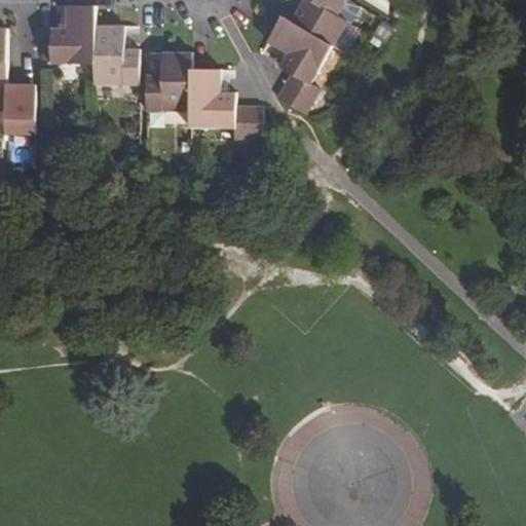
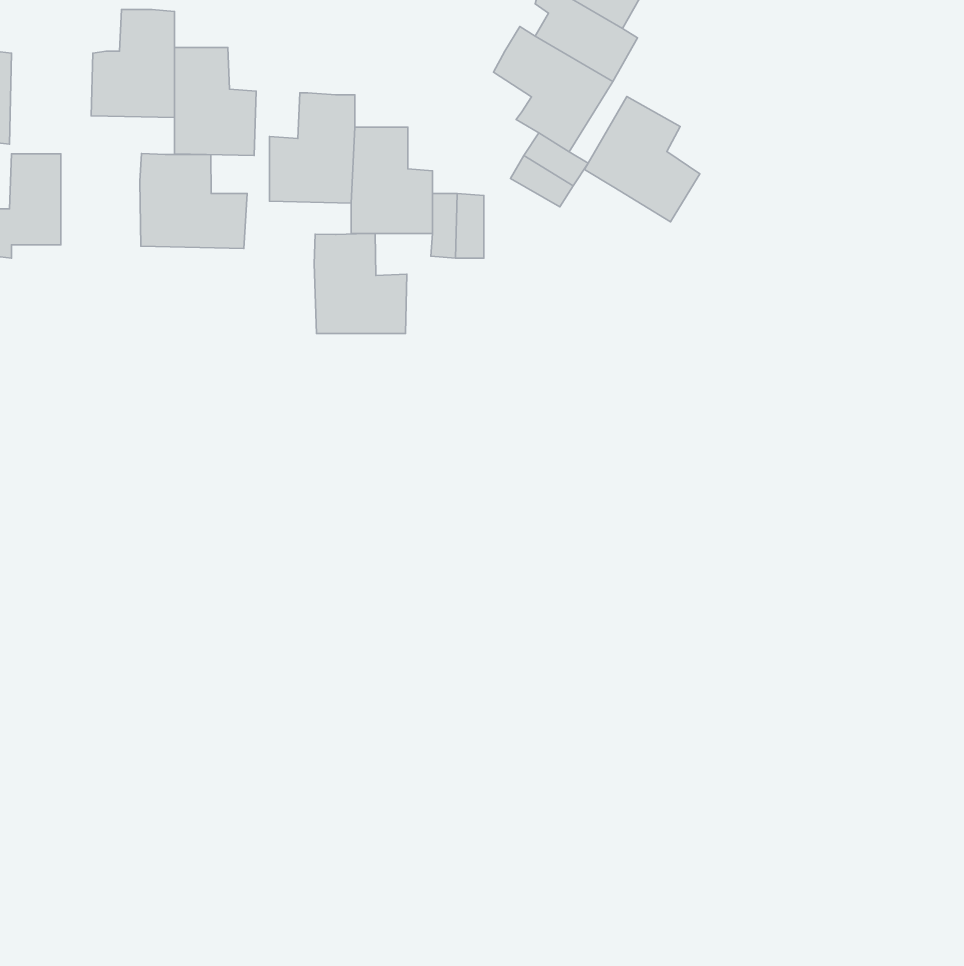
building: none -> [585,97,700,222]
building: none -> [140,154,247,248]
building: none -> [314,233,407,333]

